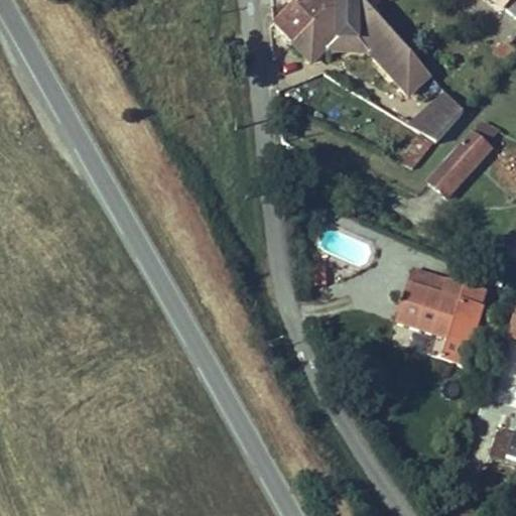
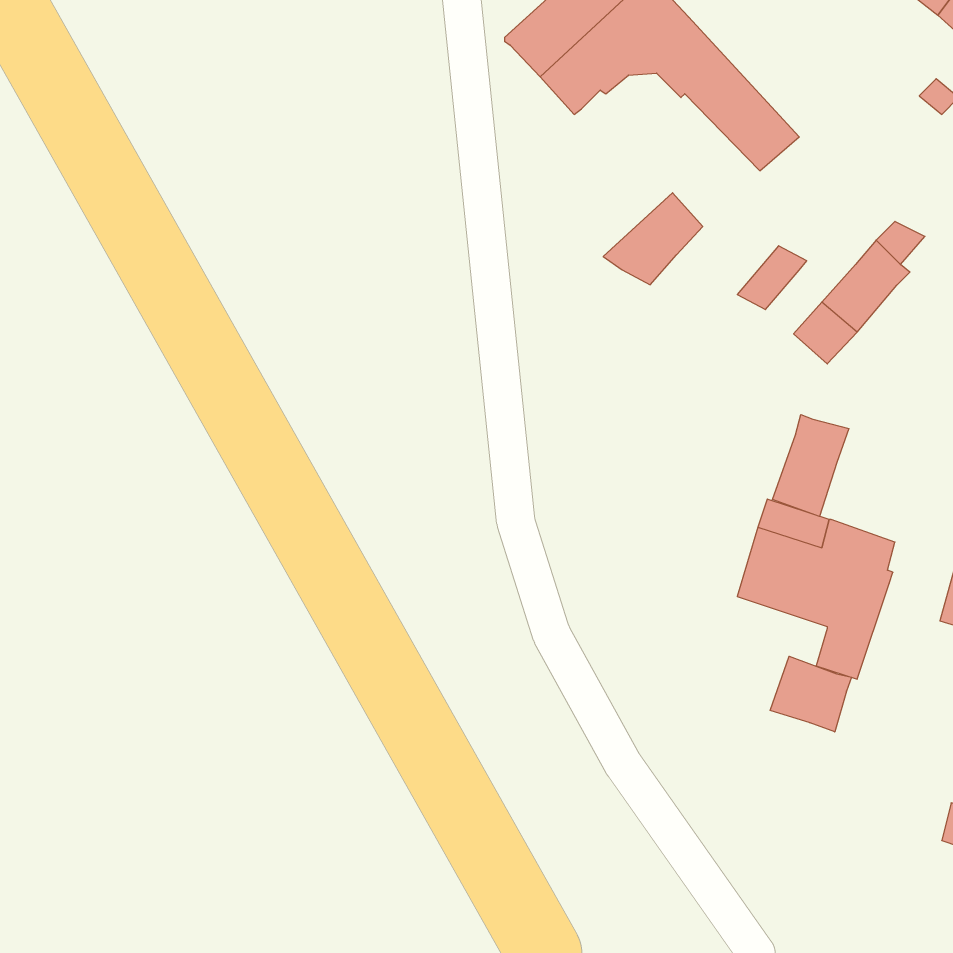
building: [411,91,465,140] -> [603,193,703,285]
building: none -> [772,415,849,516]
building: none -> [770,656,852,732]

